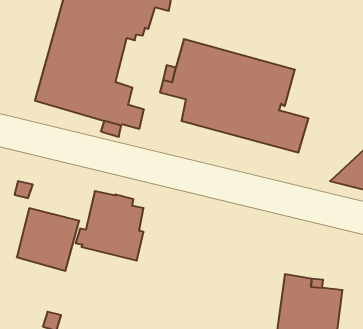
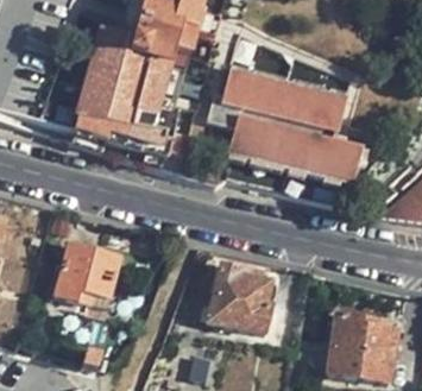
building: [76,191,144,260] -> [201,260,272,333]

